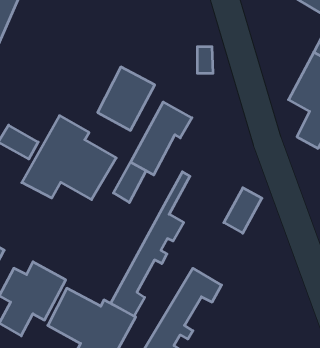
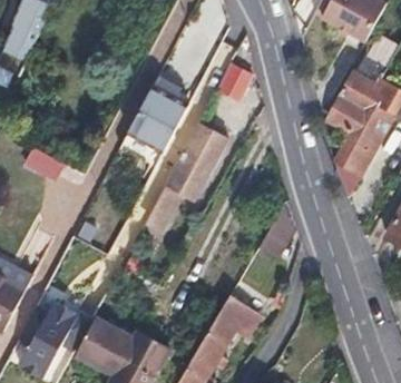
building: [22,116,116,200] -> none
building: [111,172,190,316] -> none

